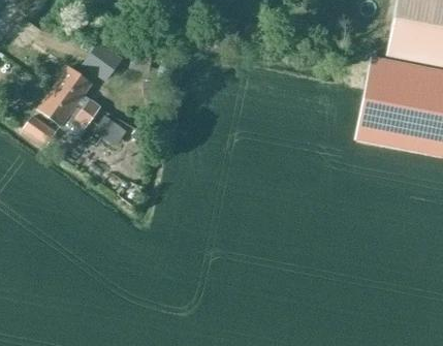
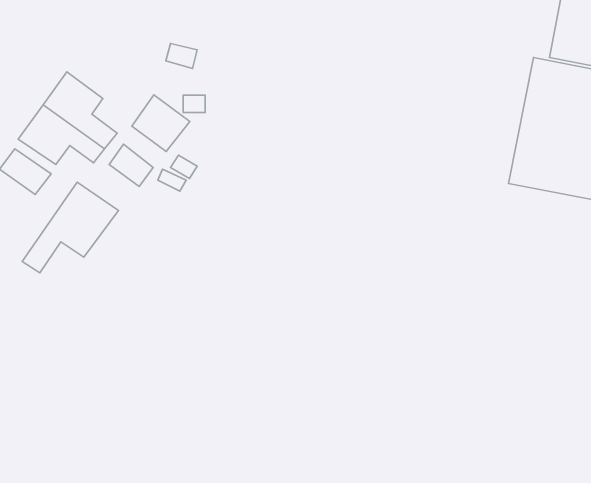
building: [85,42,123,80] -> [132,95,190,151]
building: none -> [22,182,119,273]

